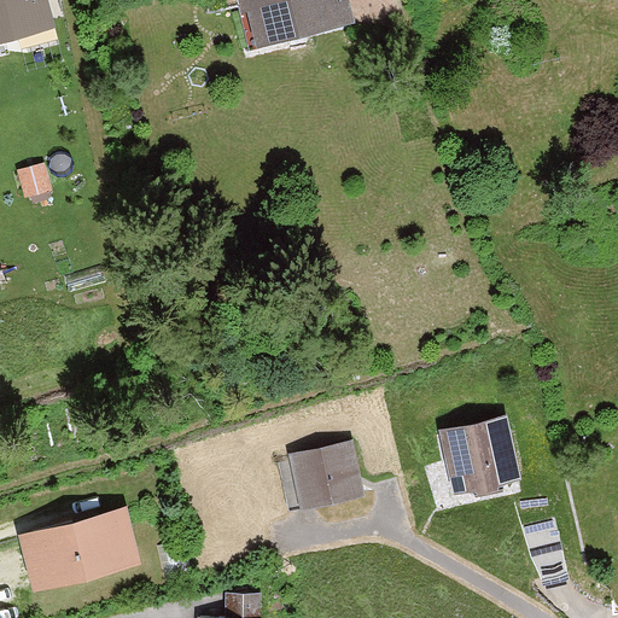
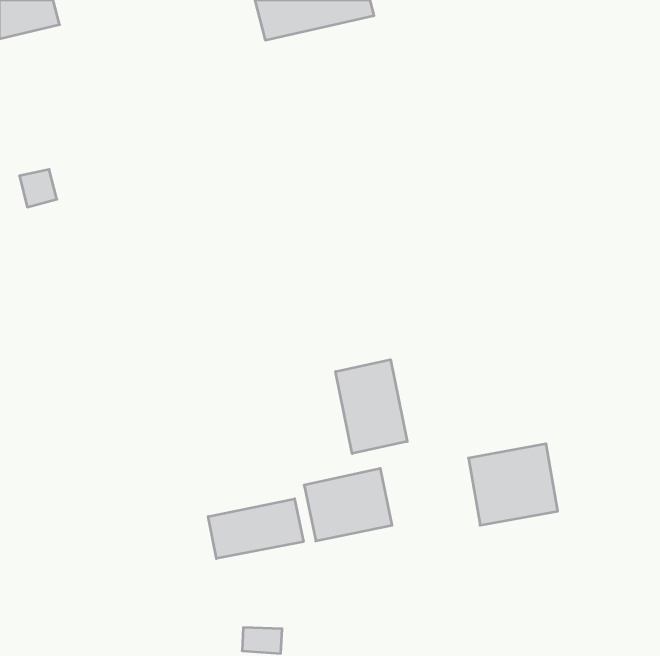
building: none -> [336,360,407,454]
building: none -> [208,499,303,559]
building: [23,508,138,587] -> none

